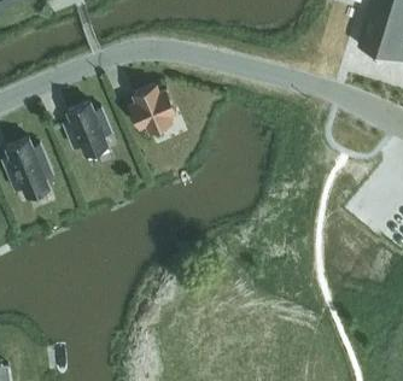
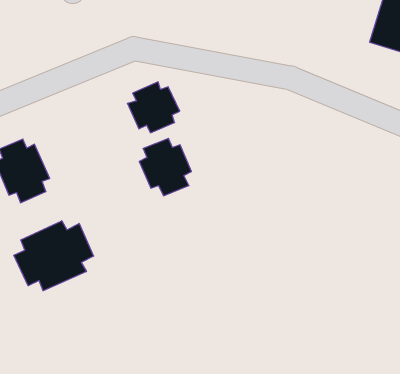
building: [63,104,112,158] -> [139,138,191,196]
building: none -> [14,221,93,291]

